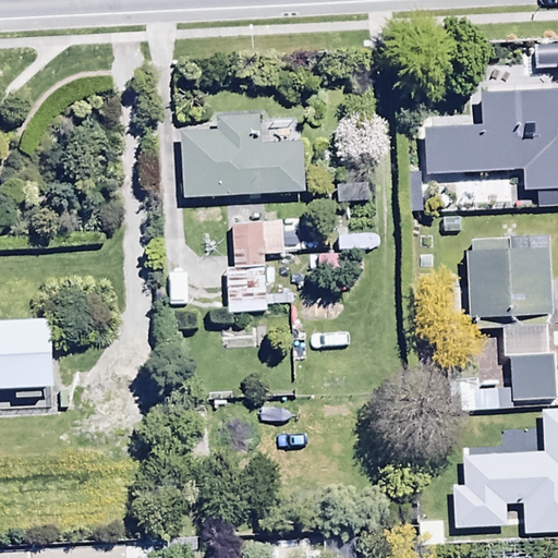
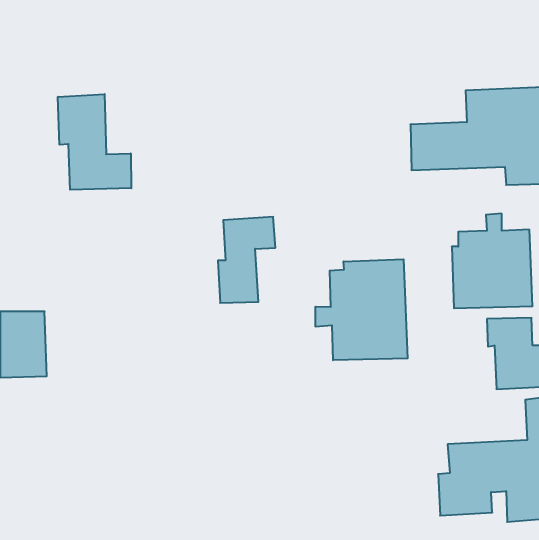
building: none -> [58,94,131,190]
building: [181,113,304,196] -> none
building: none -> [315,259,408,360]

